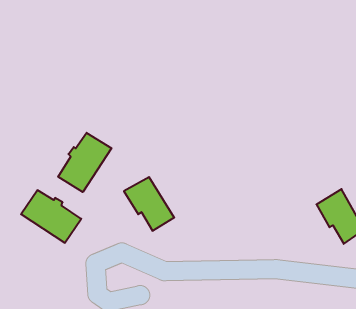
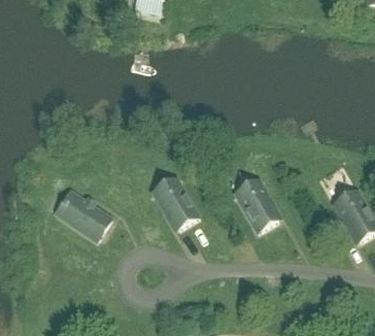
building: [58,133,111,192] -> none
building: none -> [235,177,277,231]

